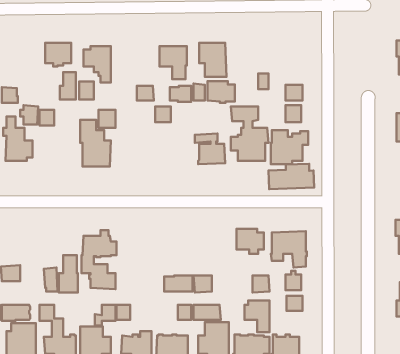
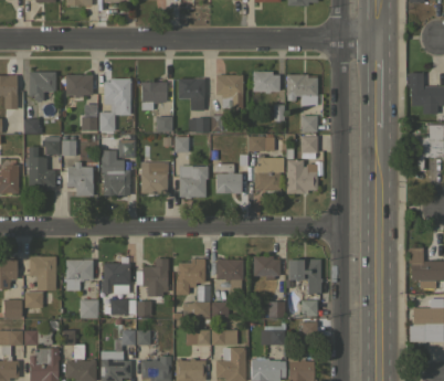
building: none -> [29,72,55,102]
building: none -> [286,74,317,106]
building: none -> [140,82,167,109]
building: [207,81,235,103] -> [253,72,279,93]
building: none -> [67,161,93,195]
building: none -> [140,161,168,193]
building: none -> [179,166,208,199]
building: [268,164,314,189] -> none
building: none -> [29,256,55,289]
building: none -> [136,258,168,316]
building: none -> [176,258,204,295]
building: none -> [65,260,97,290]
building: none -> [216,260,243,292]

